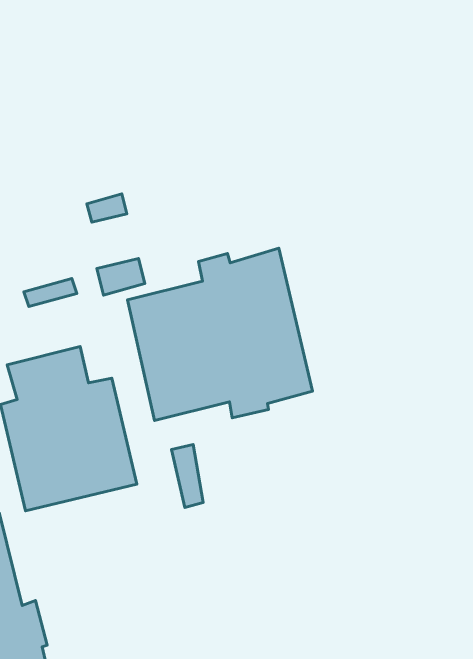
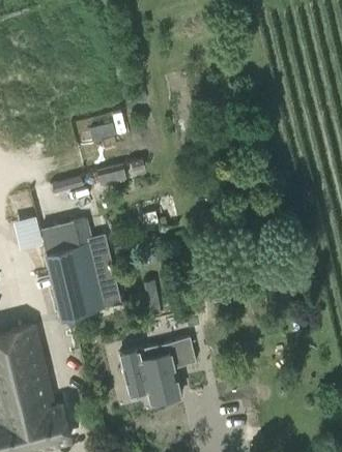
building: [127,248,313,420] -> none
building: none -> [119,338,196,405]

